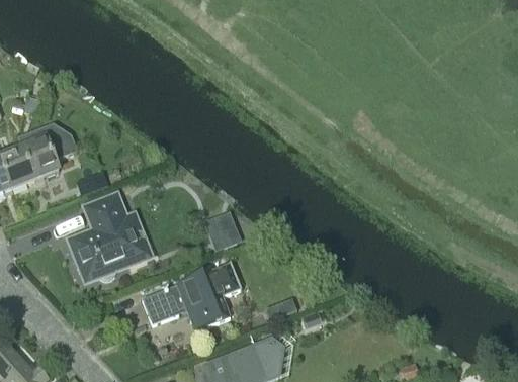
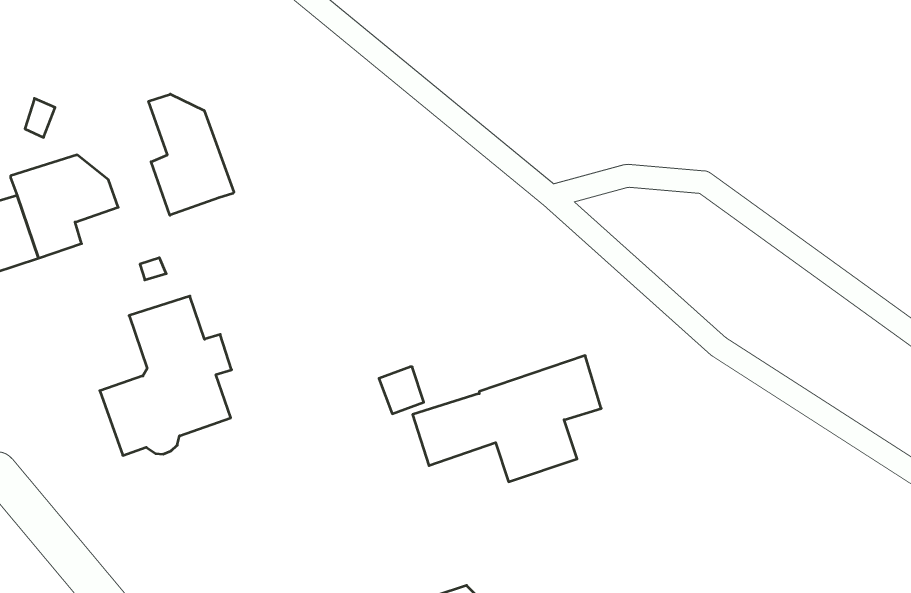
building: none -> [149,94,234,215]
building: [141,261,240,329] -> [413,356,601,482]

